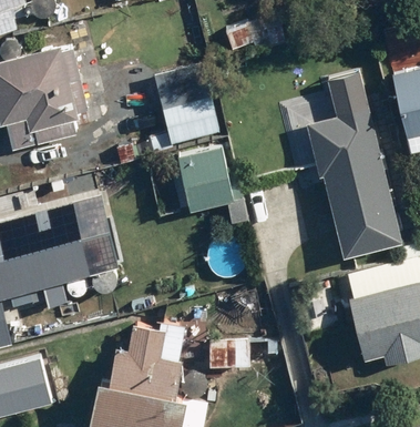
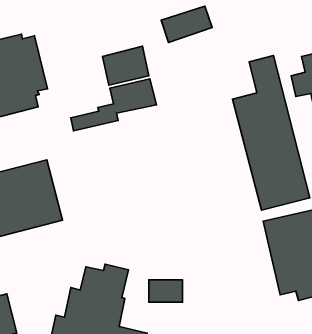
building: [177,144,237,218] -> none

